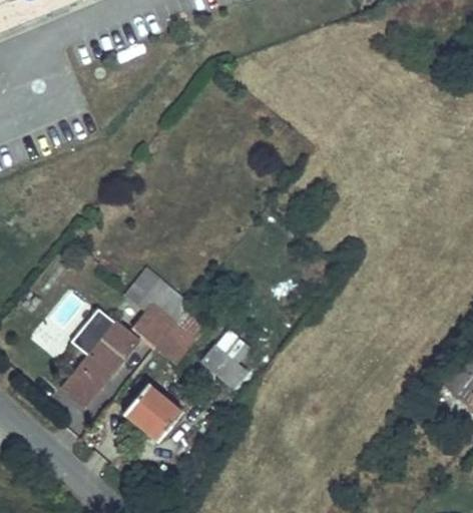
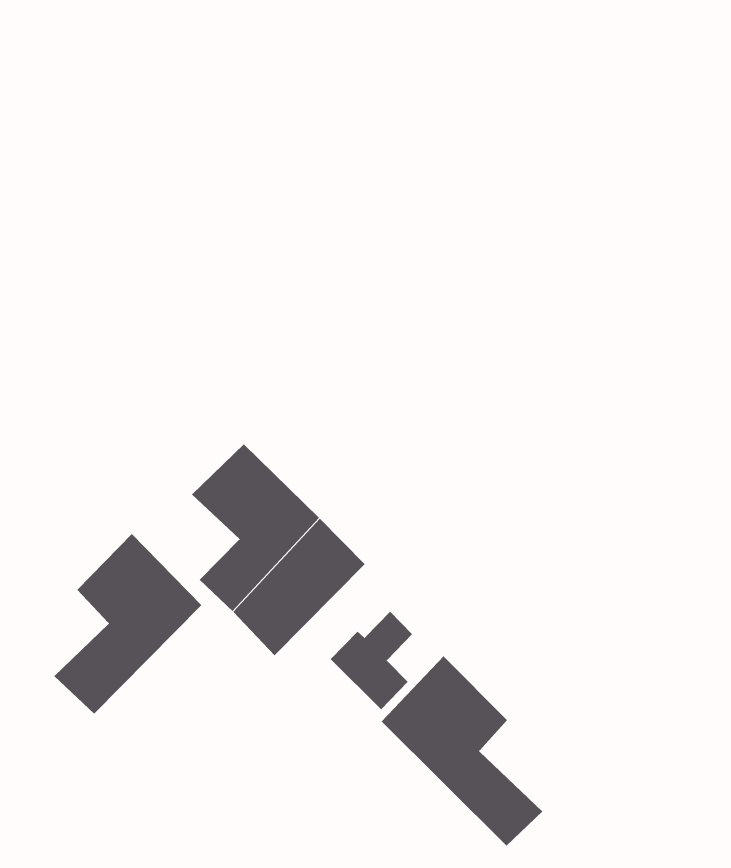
building: none -> [381,656,543,846]
building: [116,382,178,442] -> none

